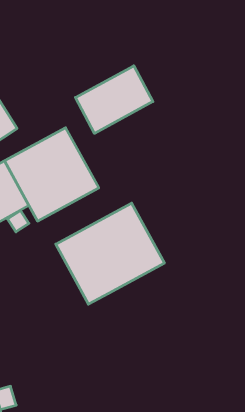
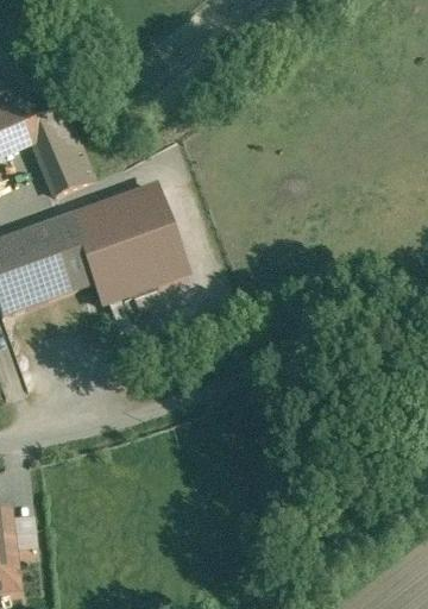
building: [75,66,153,133] -> none
building: [56,203,164,304] -> none

